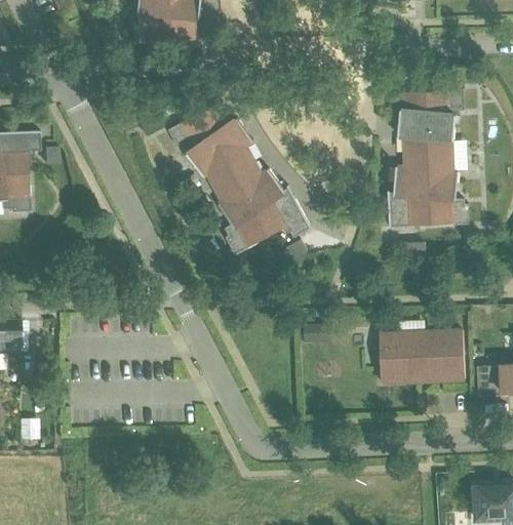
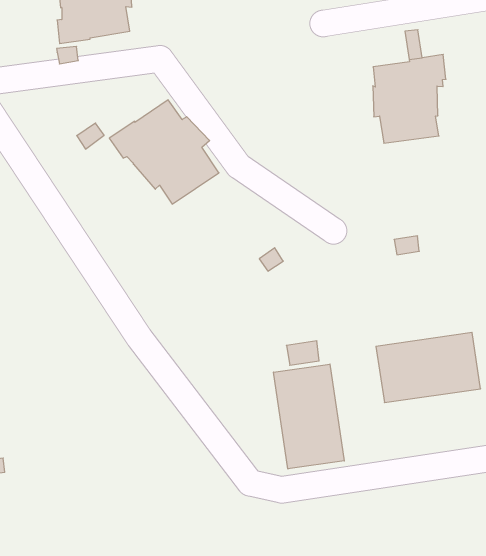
building: [388,158,469,228] -> none
building: [216,168,311,255] -> none
building: none -> [274,364,344,469]

